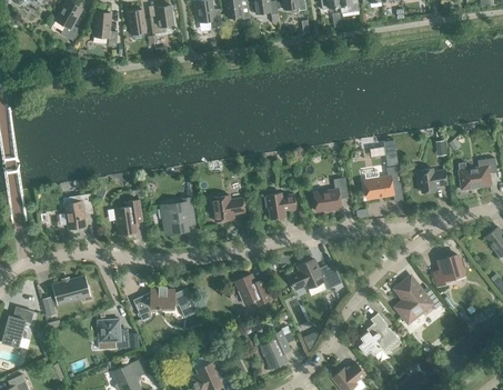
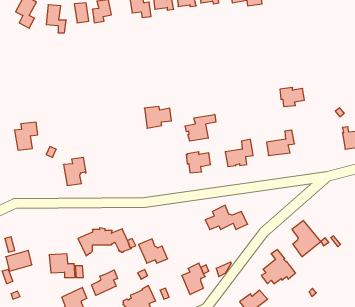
building: none -> [185,114,216,141]
building: [416,169,446,192] -> [280,88,304,106]
building: [63,194,92,229] -> [14,122,38,150]
building: [211,196,244,222] -> [144,107,171,128]
building: [158,199,192,233] -> none
building: [434,254,463,286] -> none
building: [234,274,270,304] -> [139,239,168,263]
building: [53,278,85,303] -> [6,250,32,271]
building: none -> [91,270,118,295]

